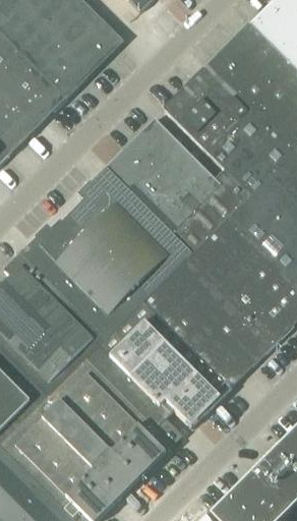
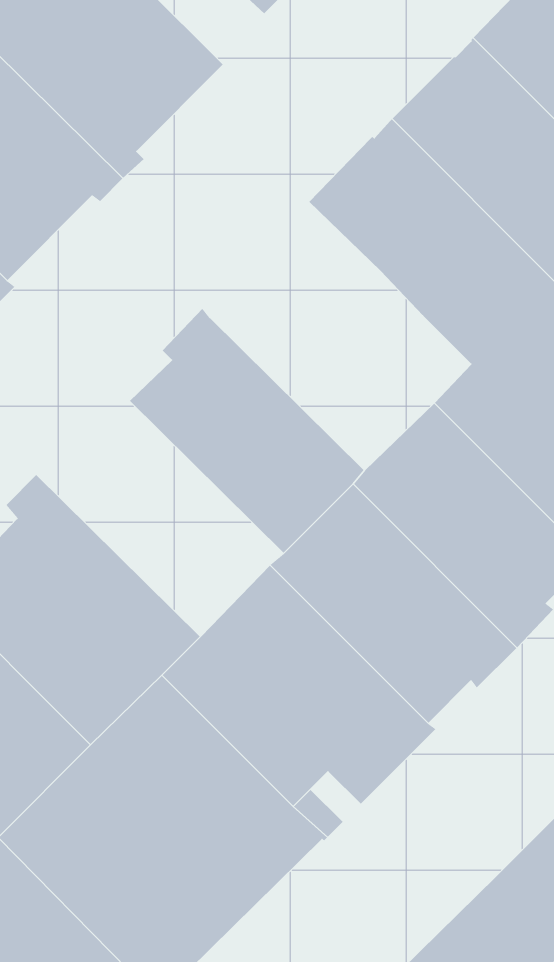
building: [112,118,249,250] -> none
building: [20,214,151,338] -> none

